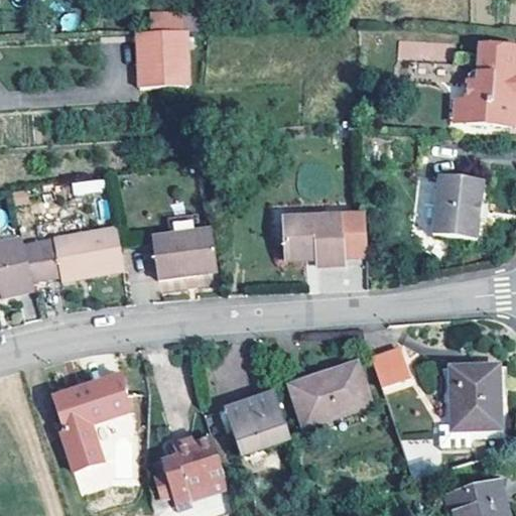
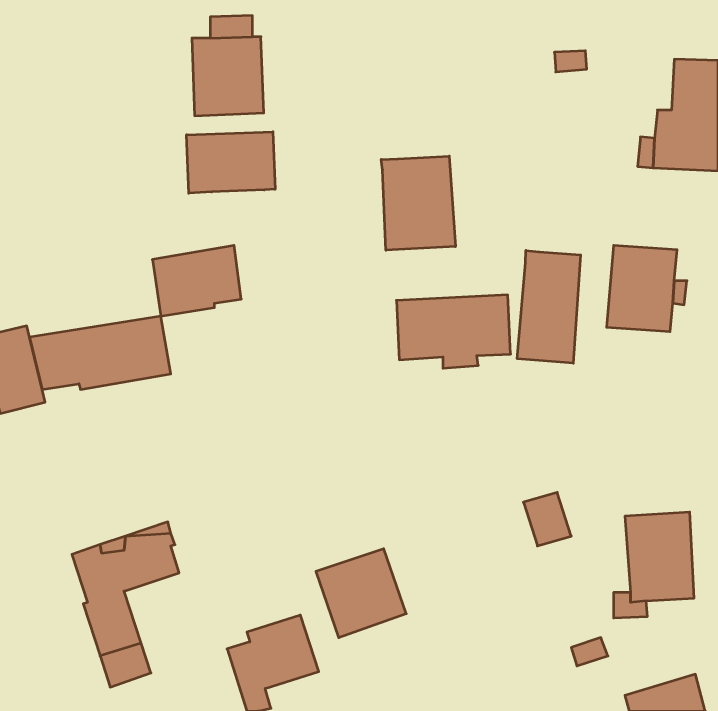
building: none -> [187,132,275,193]
building: none -> [381,156,455,250]
building: none -> [517,250,581,363]
building: [151,226,215,276] -> [152,245,241,316]
building: [292,365,371,426] -> none

